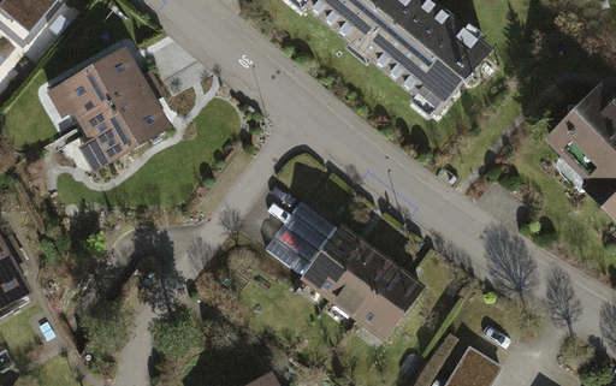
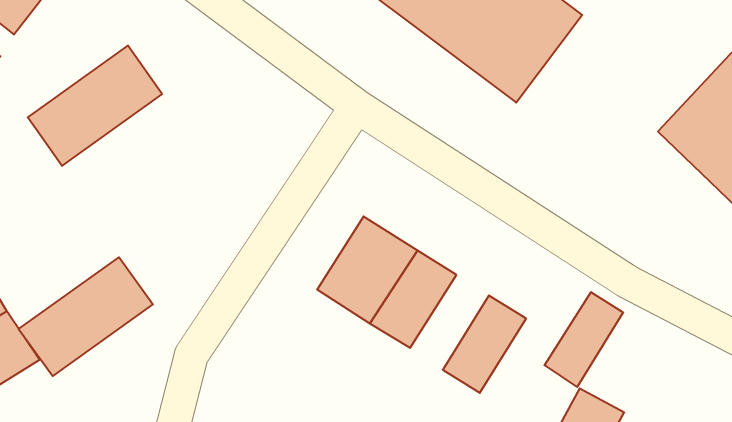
building: [63,87,172,179] -> [19,257,153,376]
building: [334,247,401,322] -> [544,292,623,387]

